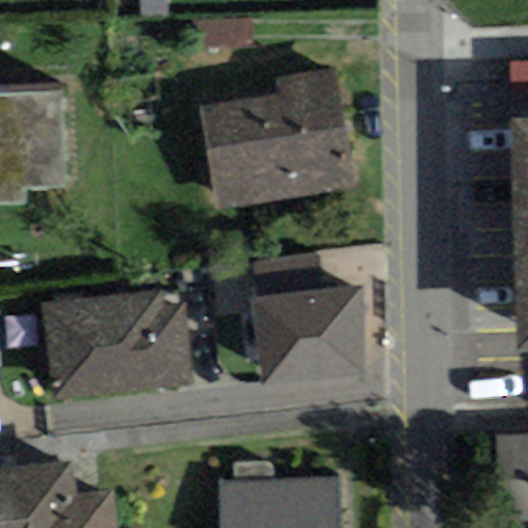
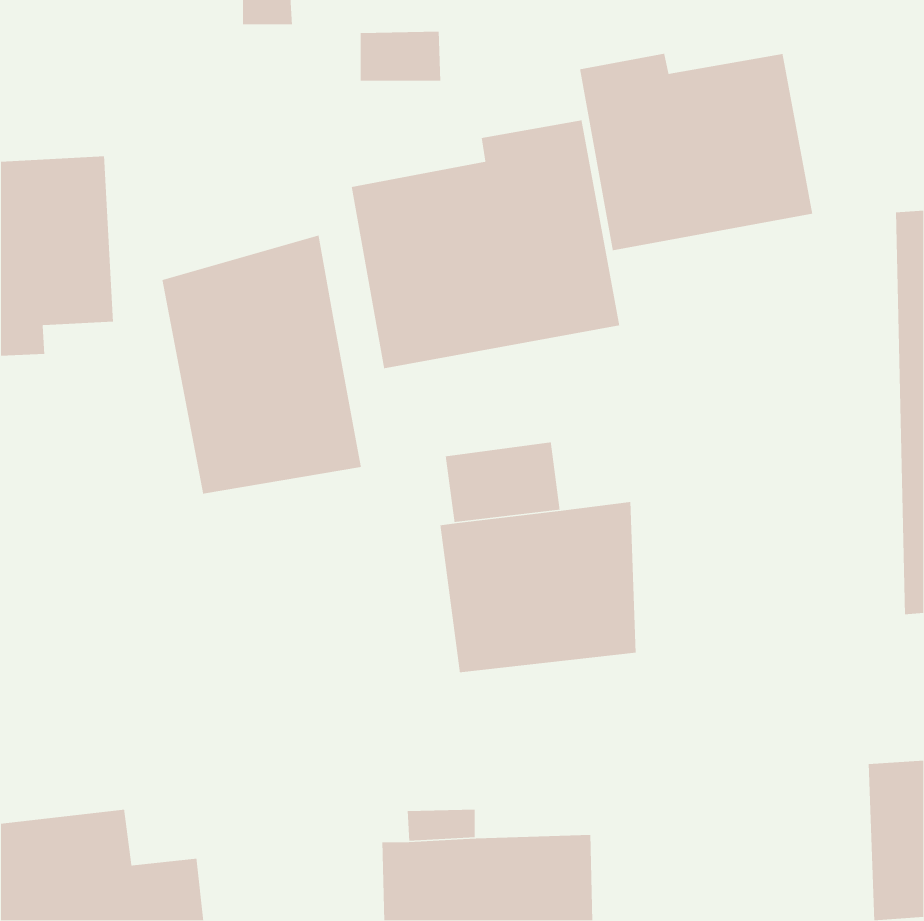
building: none -> [579,53,813,251]
building: none -> [161,234,362,494]
building: [42,291,193,399] -> none

